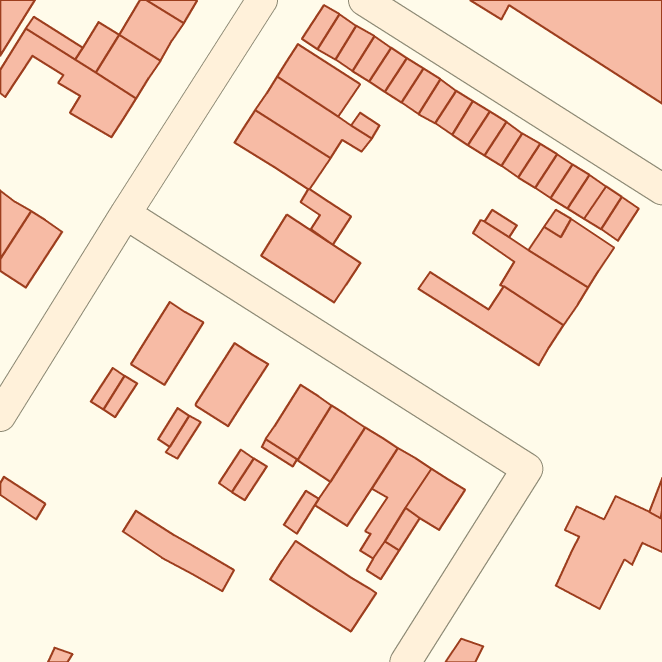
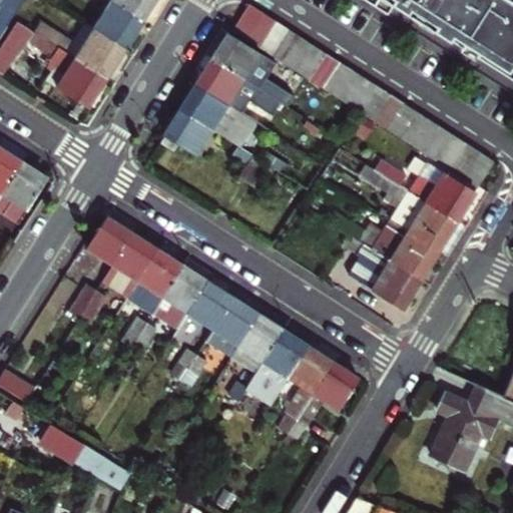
building: none -> [160,110,212,155]
building: [261,215,360,303] -> none
building: none -> [86,217,131,266]
building: none -> [339,236,417,309]
building: none -> [127,249,181,313]
building: none -> [187,282,232,330]
building: [123,511,234,591] -> [44,426,130,488]
building: [270,541,376,632] -> none

